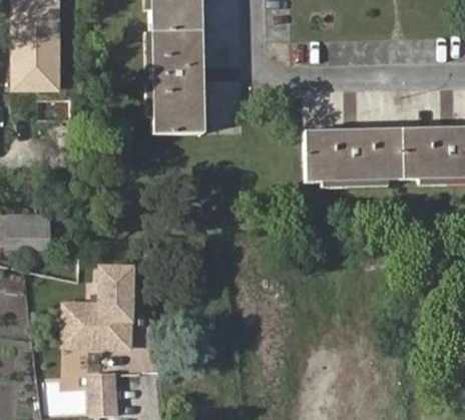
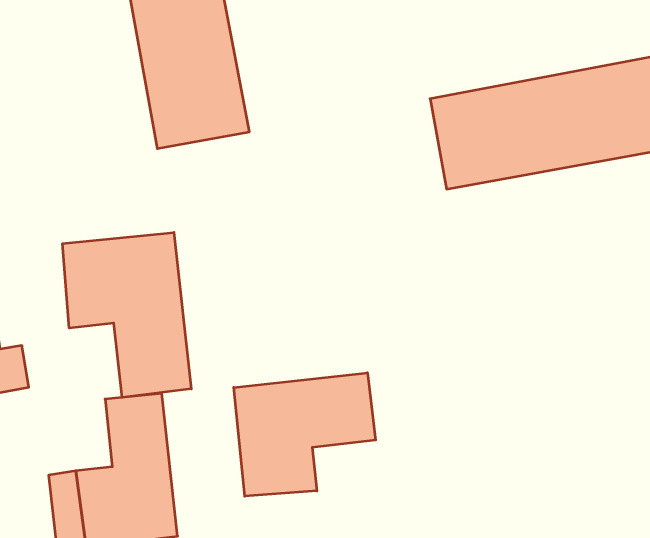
building: none -> [63,232,191,397]
building: none -> [234,373,376,496]

